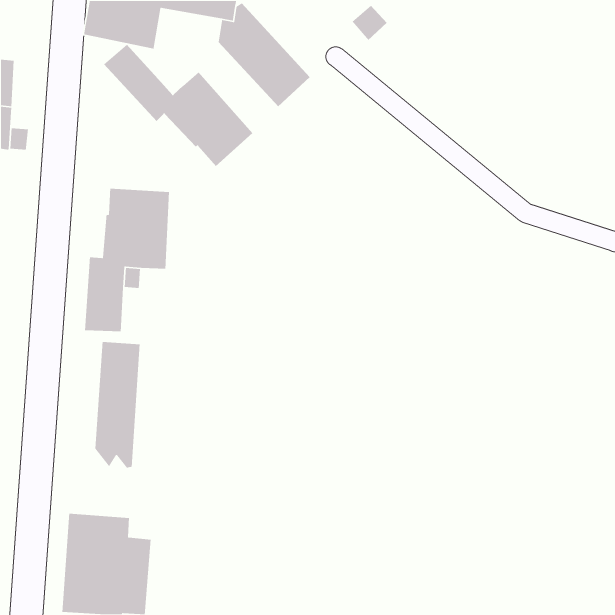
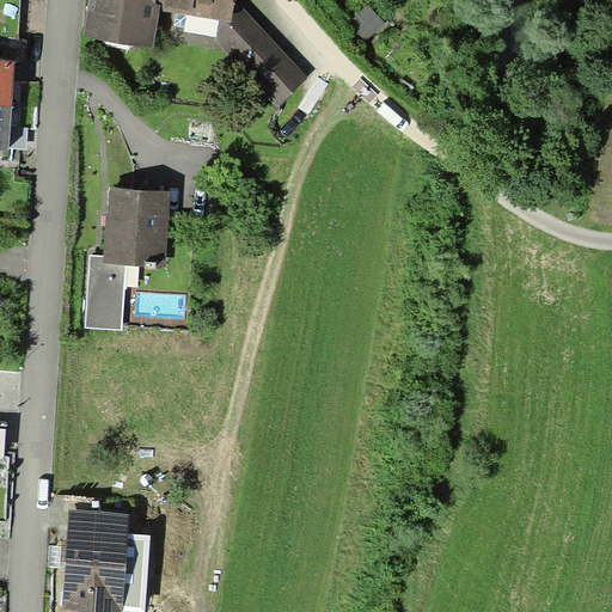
building: [103,44,253,167] -> none
building: [95,341,140,469] -> none

